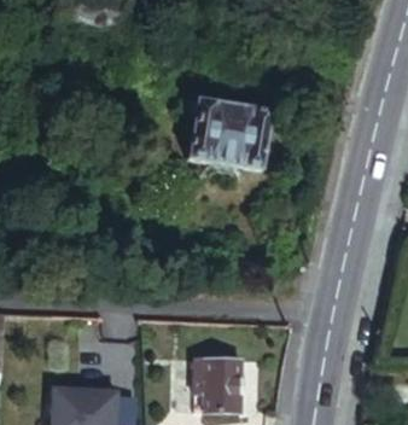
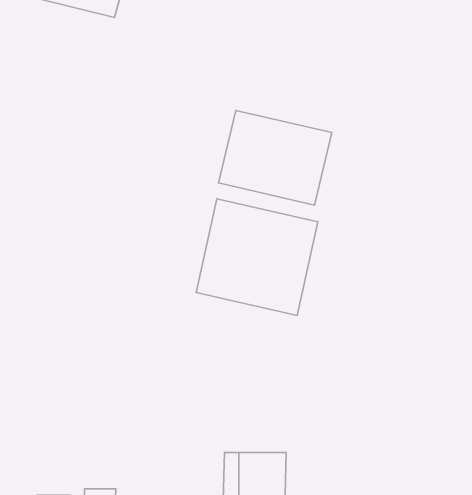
building: none -> [196,199,318,316]

